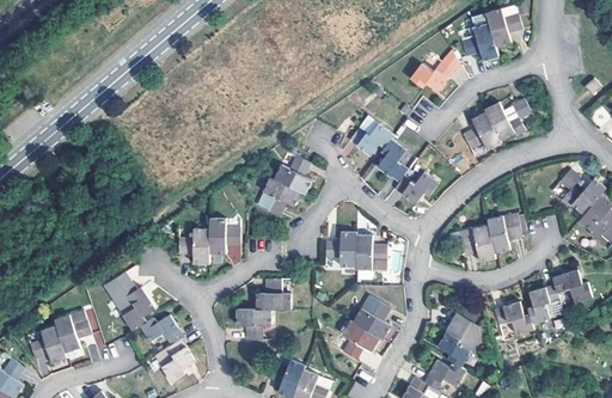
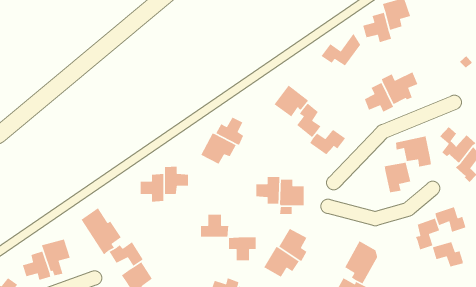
building: [449,224,496,264] -> [395,135,432,168]
building: [494,301,534,335] -> [432,241,464,268]
building: [235,308,271,339] -> [228,236,257,261]

